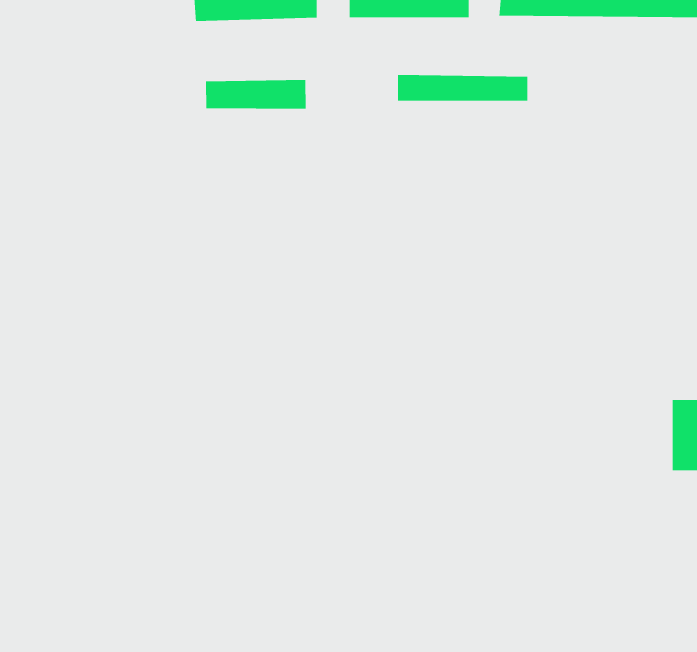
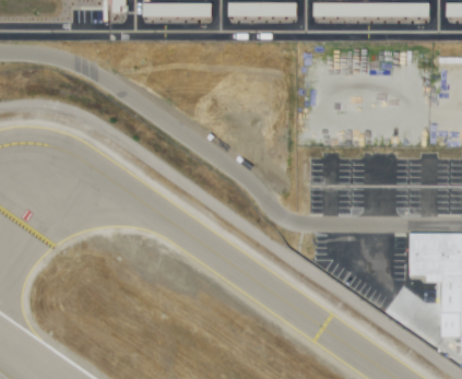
building: [397,74,528,102] -> none
building: [205,79,307,110] -> none

